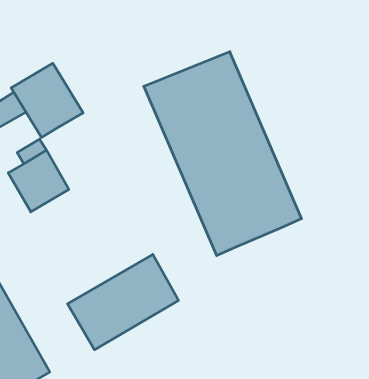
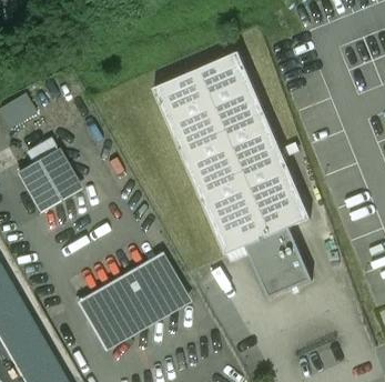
building: [11,63,83,137] -> none
building: none -> [244,227,311,298]

